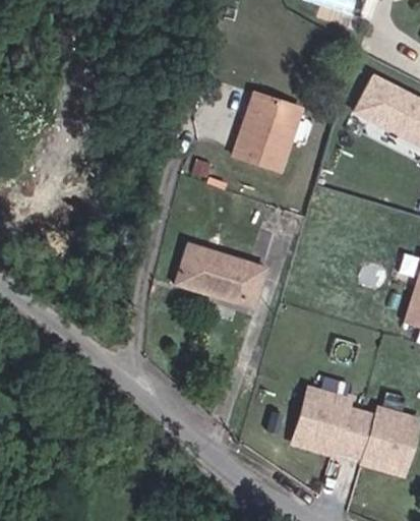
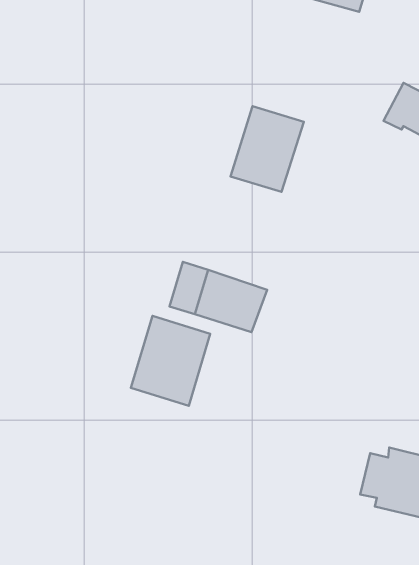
building: none -> [131,316,210,406]
building: [292,393,359,456] -> none

